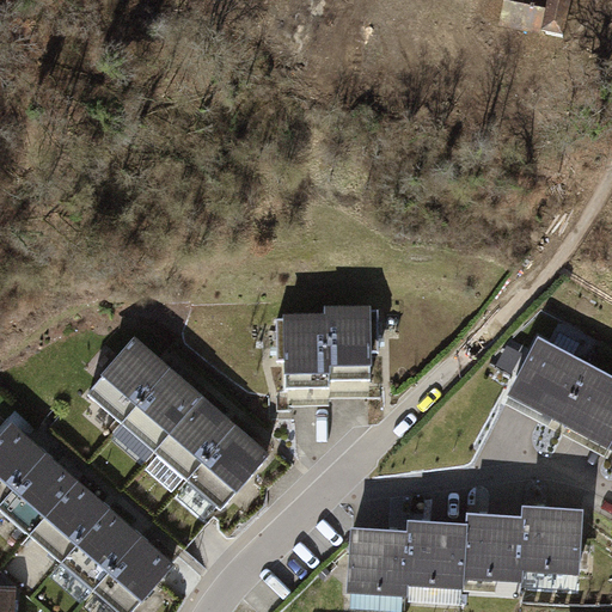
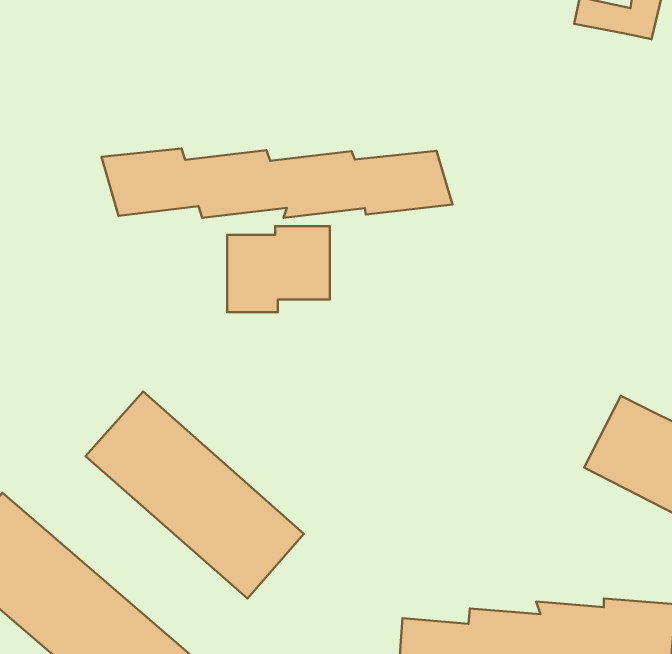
building: none -> [102,148,453,218]
building: [283,307,371,380] -> [227,226,330,312]

